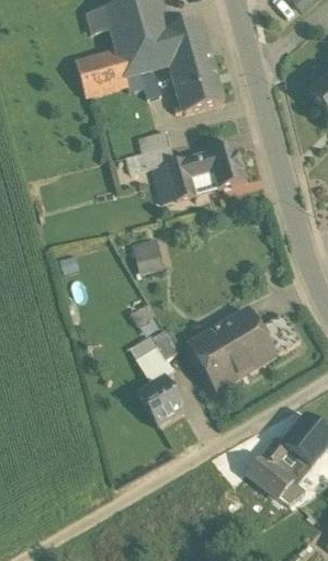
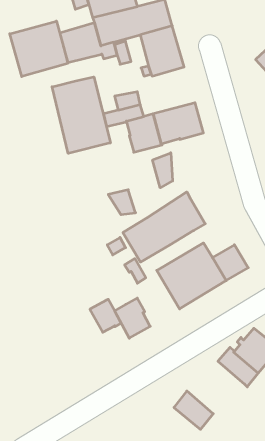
building: none -> [10,21,68,77]
building: none -> [52,77,110,153]
building: none -> [153,153,173,188]
building: none -> [123,192,205,262]
building: [137,345,174,385] -> [90,299,121,332]
building: [248,453,295,499] -> [174,391,213,429]

